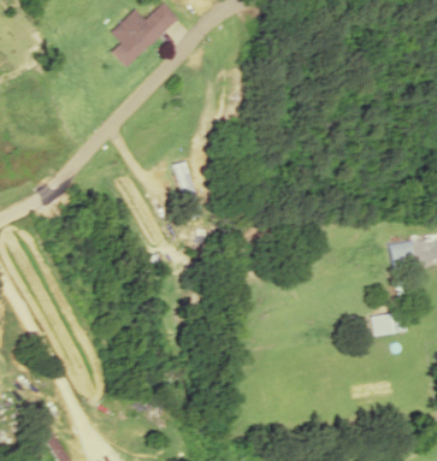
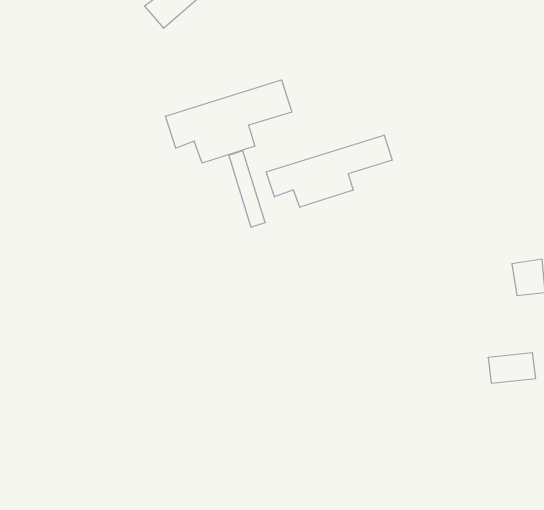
building: none -> [165,80,292,163]
building: none -> [266,135,392,207]

